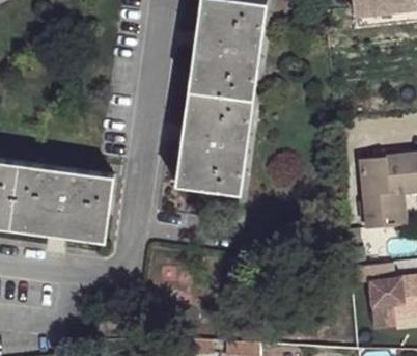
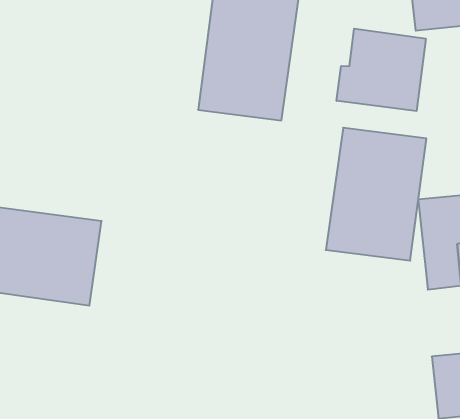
building: none -> [337,29,426,111]
building: [175,89,253,192] -> [326,128,426,261]

